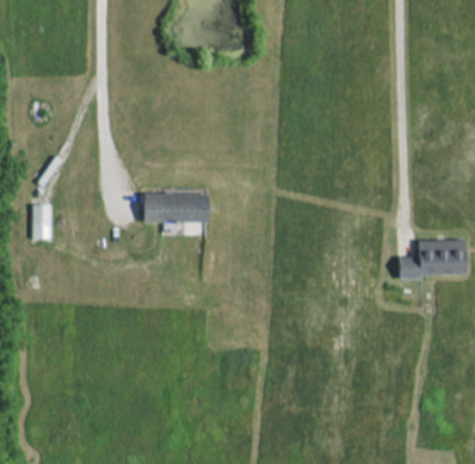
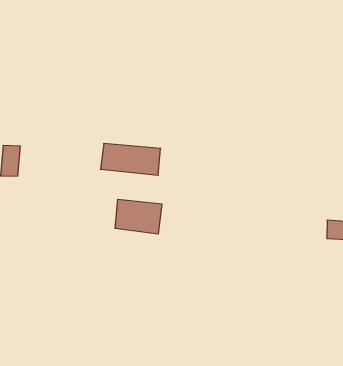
building: none -> [115,199,162,234]

